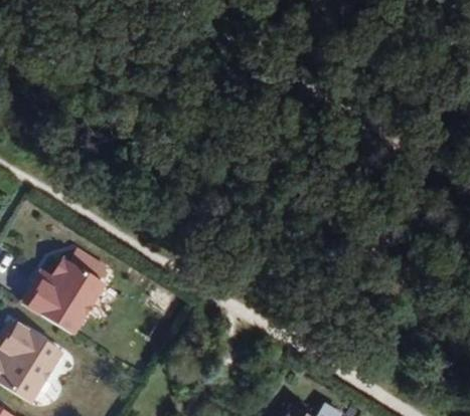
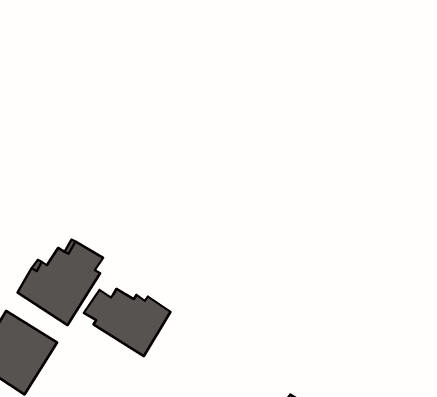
building: none -> [84,289,171,356]

